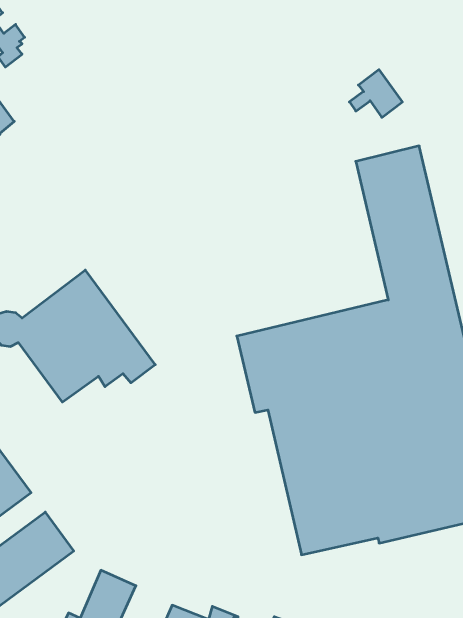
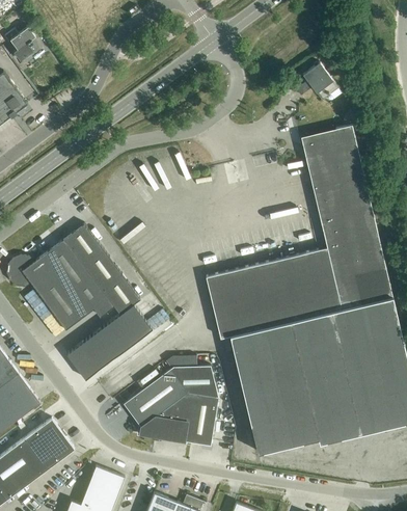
building: none -> [66,305,153,380]
building: none -> [124,356,219,447]

